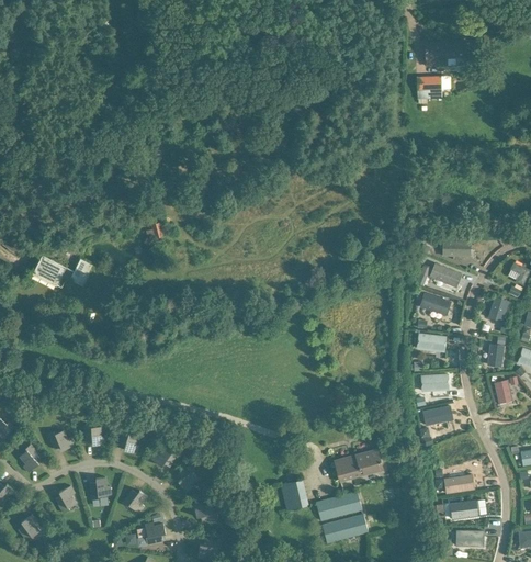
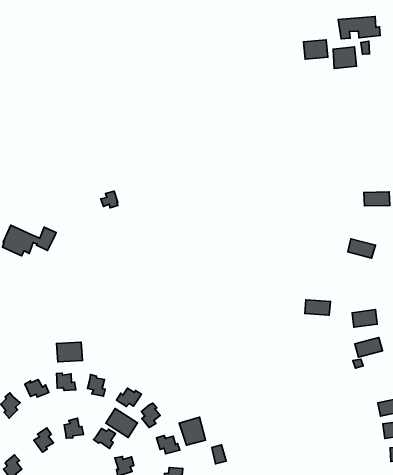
building: none -> [304,40,328,59]
building: [429,262,462,288] -> none
building: [417,333,447,351] -> [305,300,330,315]
building: none -> [57,342,82,362]
building: [335,449,383,481] -> none
building: none -> [106,409,138,437]
building: [280,479,308,509] -> [179,417,206,445]
building: [316,491,369,543] -> none

